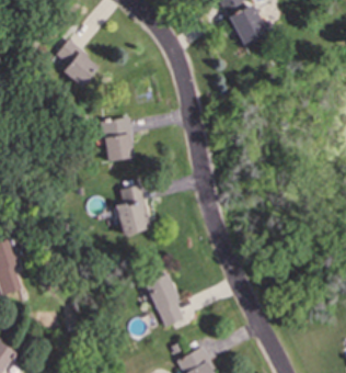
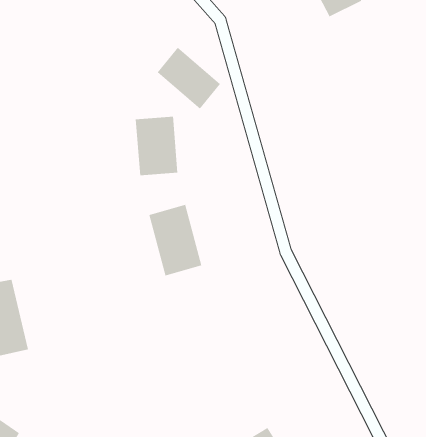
building: [53,41,100,87] -> [157,47,221,110]
building: [146,274,186,326] -> none

